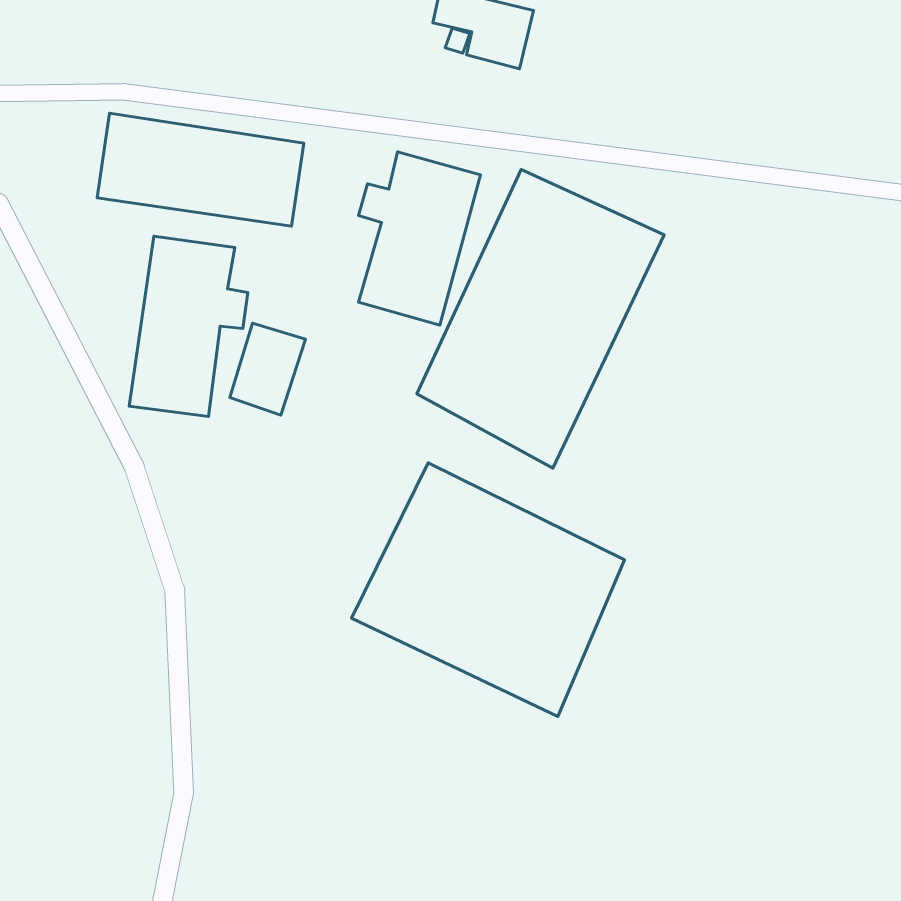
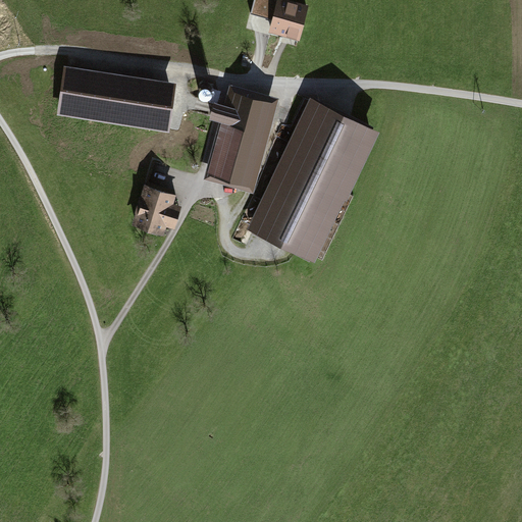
building: [129,236,248,417] -> none
building: [352,463,625,717] -> none

